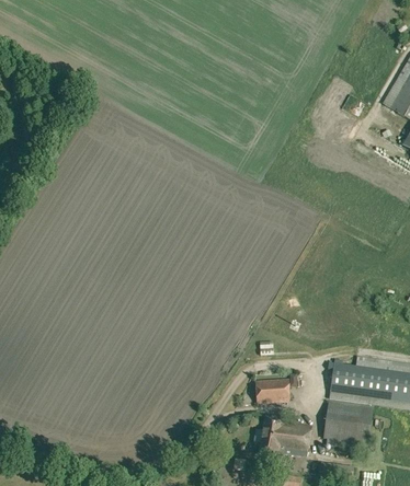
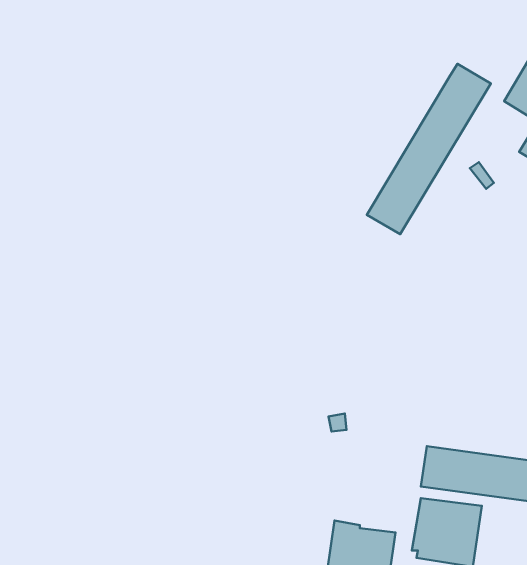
building: none -> [367,64,491,234]
building: [254,378,291,403] -> none

